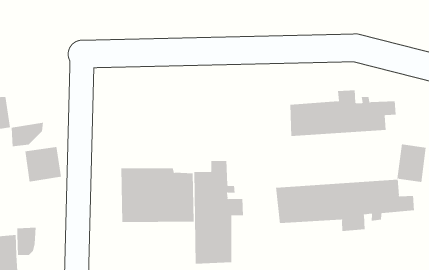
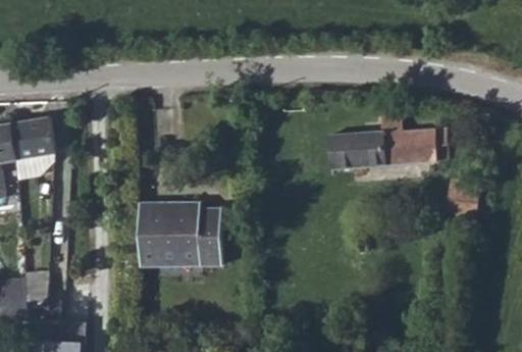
building: [24,147,62,182] -> [11,119,53,159]
building: [194,160,243,265] -> none
building: [276,179,415,232] -> none

